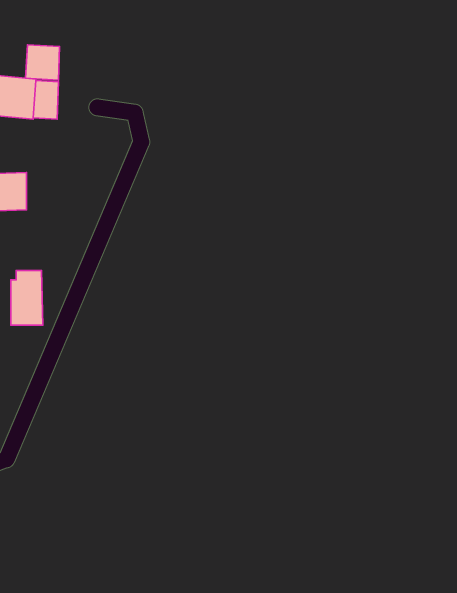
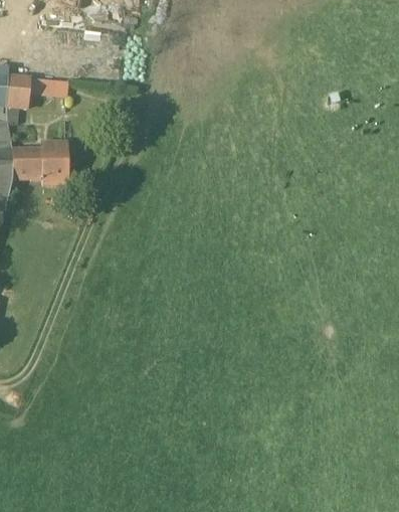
building: [26,45,59,80] -> none
building: [11,271,43,325] -> [44,142,68,183]

